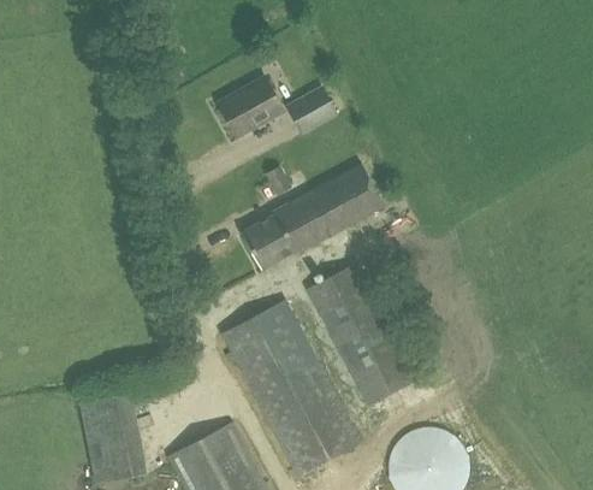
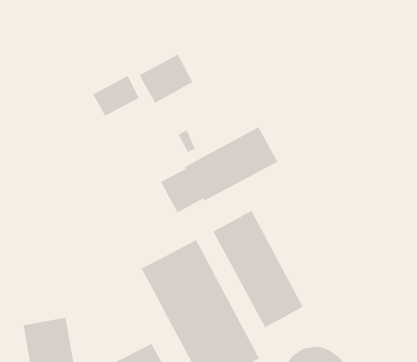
building: [285,85,338,136] -> none
building: none -> [93,75,140,117]

